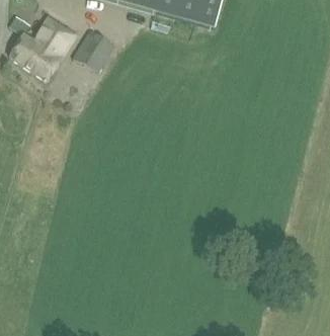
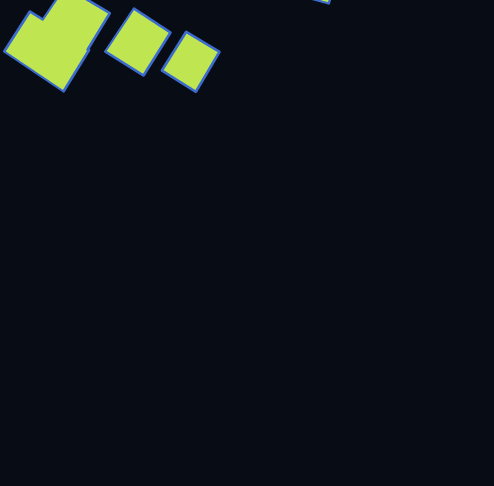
building: none -> [162,32,220,92]

